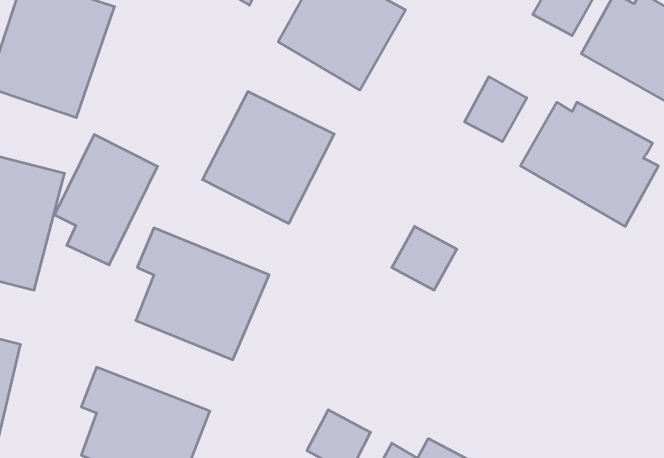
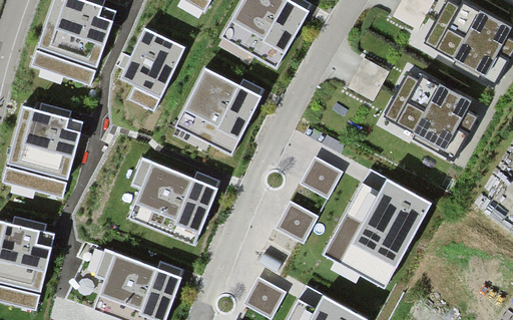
building: [55,135,158,265] -> [119,26,187,112]
building: none -> [323,178,432,288]
building: none -> [277,200,320,242]

